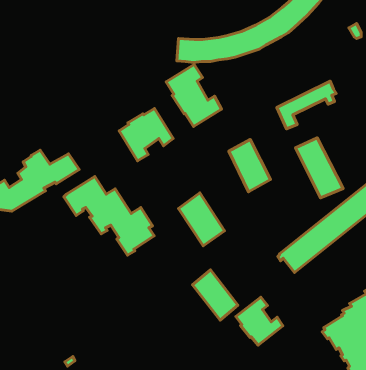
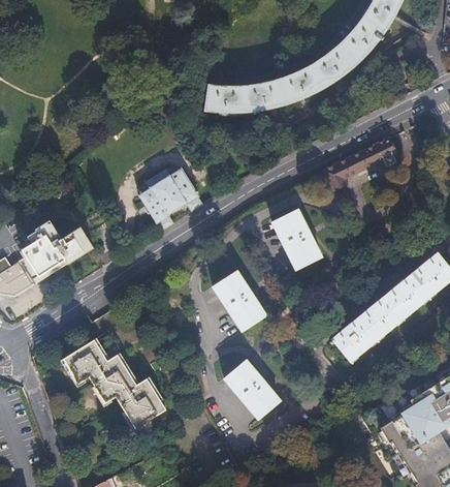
building: [166,65,222,127] -> none
building: [295,138,343,198] -> none
building: [64,176,154,255] -> [61,340,166,432]
building: [236,297,283,345] -> none

